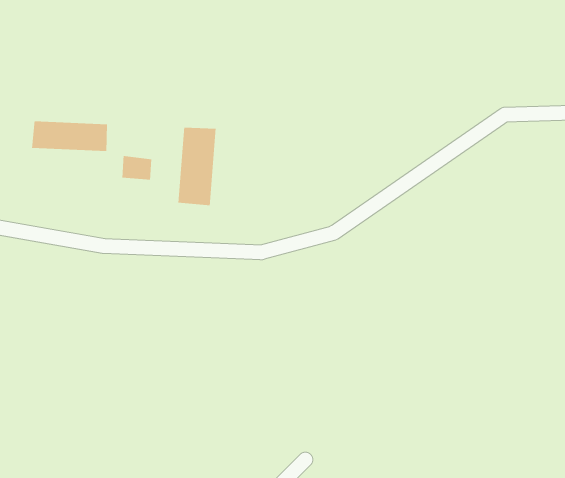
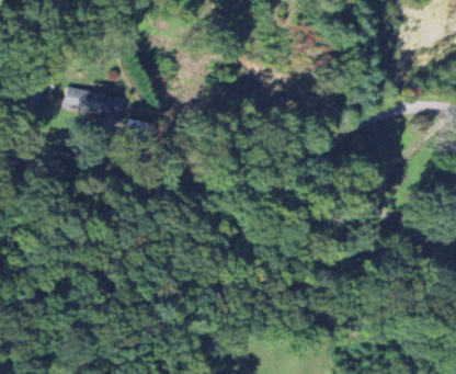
building: [178,127,217,206] -> none

